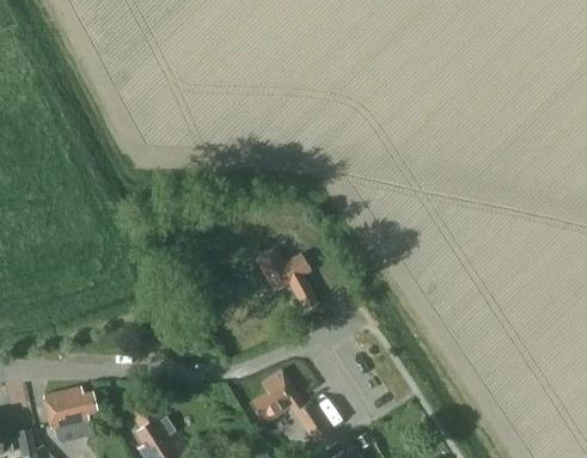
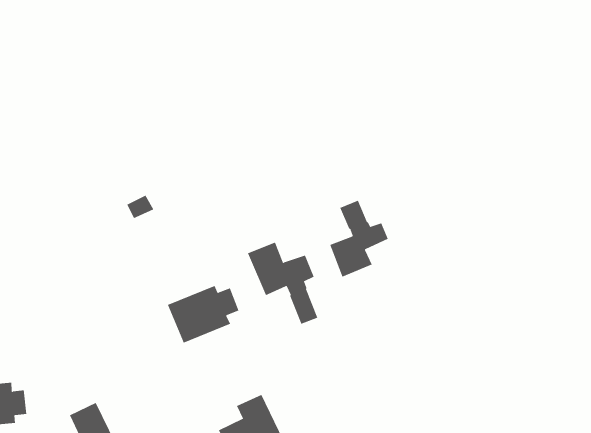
building: none -> [329,200,388,278]
building: none -> [167,285,239,343]

